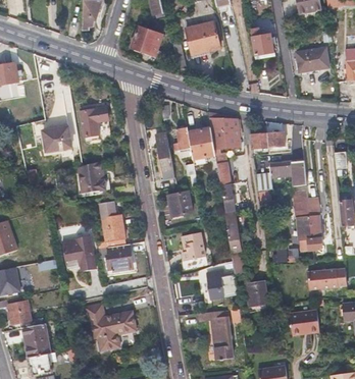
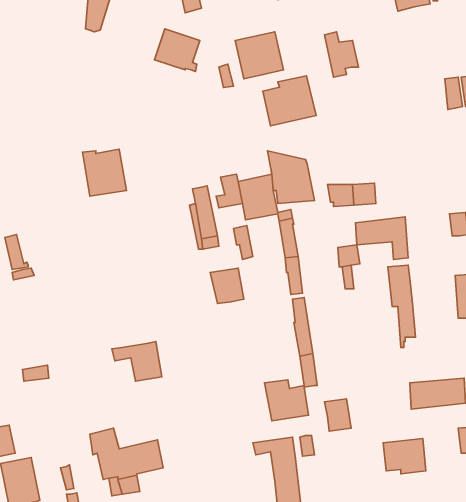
building: [296,48,328,72] -> none
building: none -> [263,76,316,126]
building: [40,123,69,150] -> none
building: [79,161,110,196] -> none
building: [302,198,322,251] -> none
building: [100,200,126,247] -> none
building: [182,231,206,260] -> none
building: [65,234,99,270] -> none

